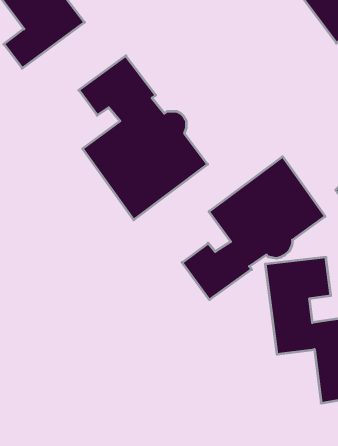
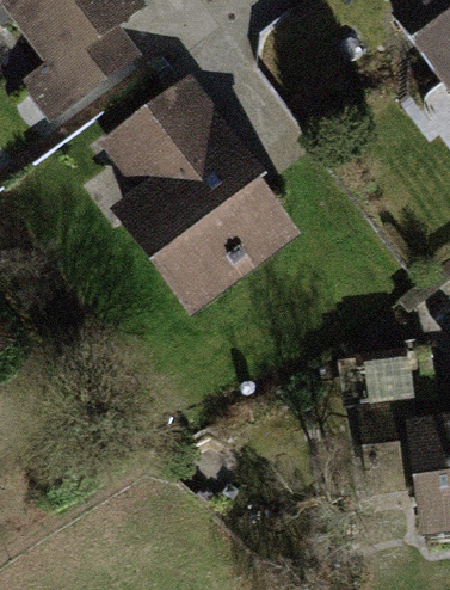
building: [182,157,325,300] -> none

